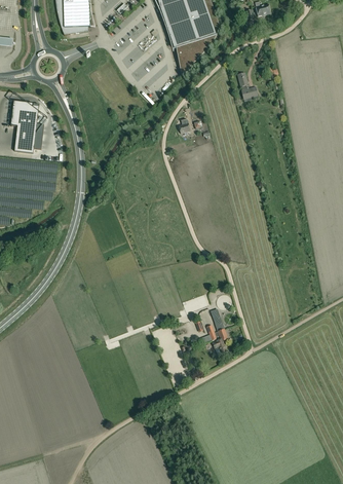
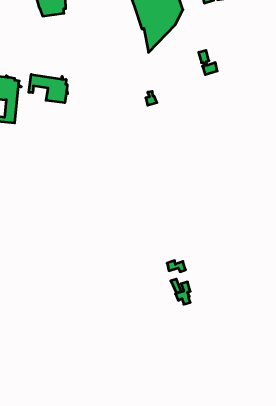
building: none -> [29,74,68,103]

